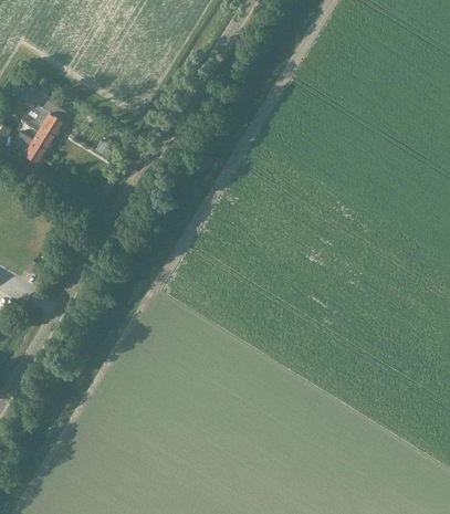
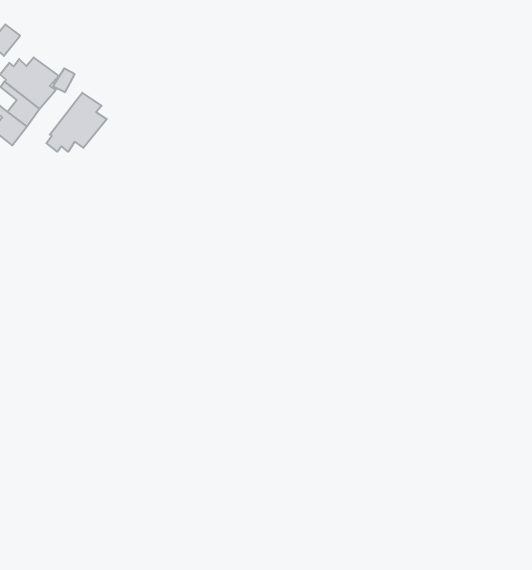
building: none -> [46,93,107,152]

